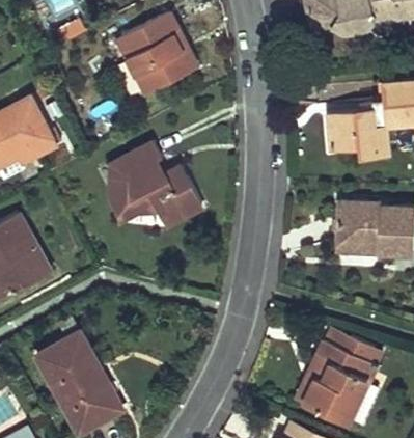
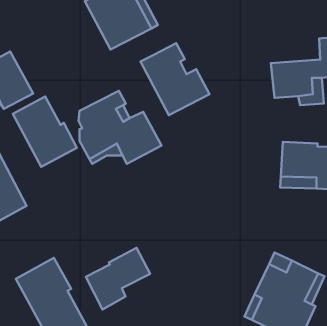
building: none -> [141,43,210,115]
building: none -> [13,96,77,167]
building: none -> [86,248,150,309]

